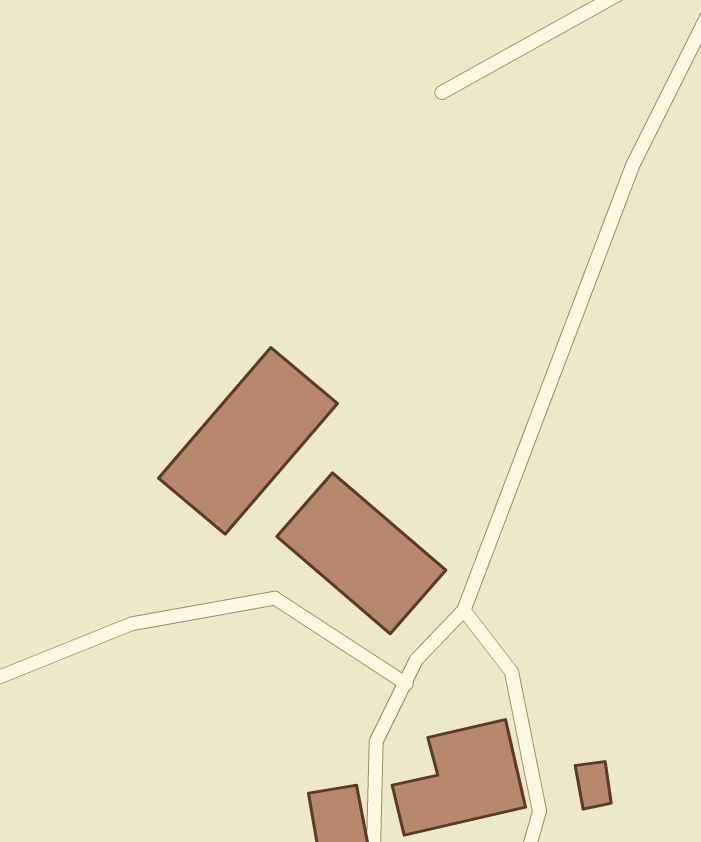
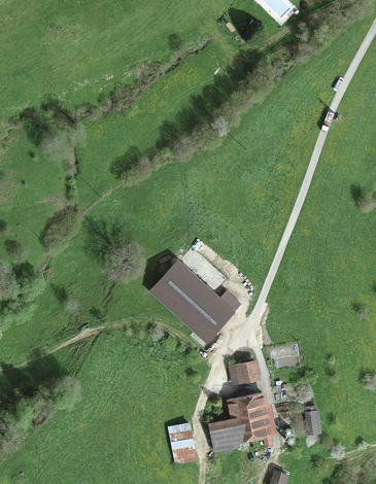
building: [159,347,337,534] -> none
building: none -> [226,359,261,385]

